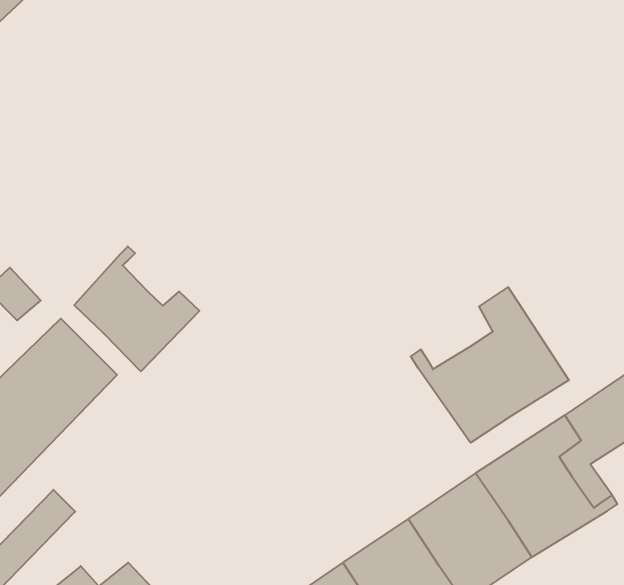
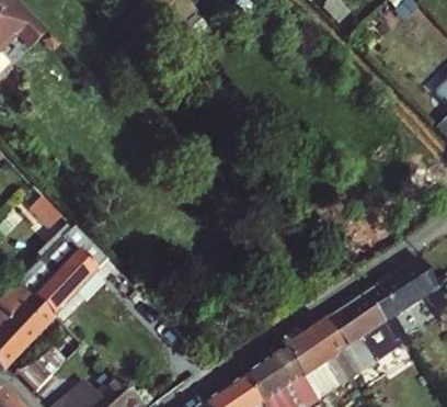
building: [74,246,199,371] -> none
building: [411,287,569,443] -> none

